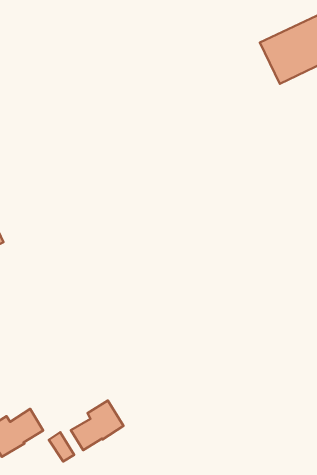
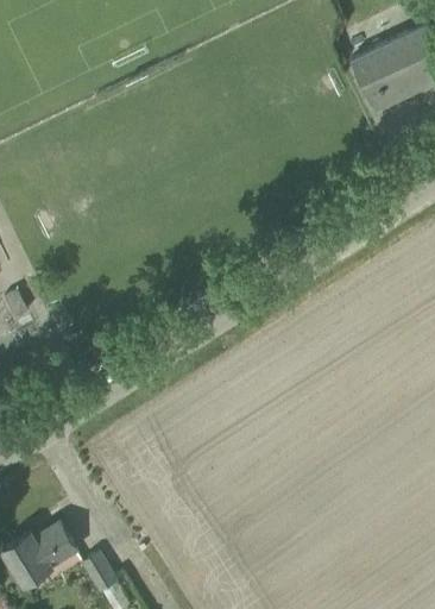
building: [71,400,124,450] -> none

